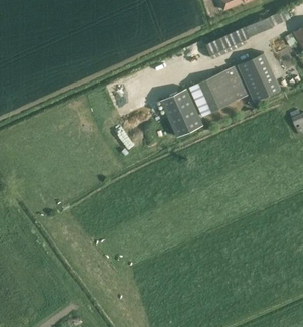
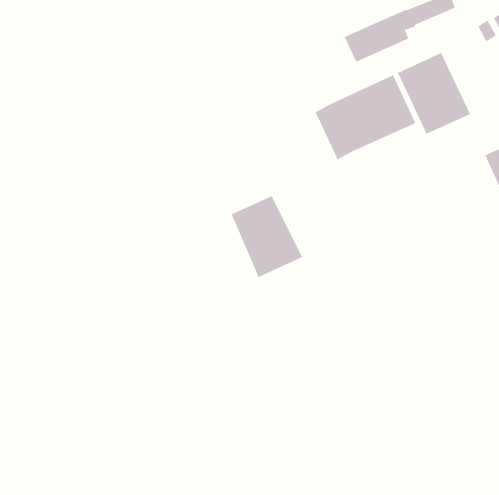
building: [160,89,202,137] -> [231,195,303,278]

